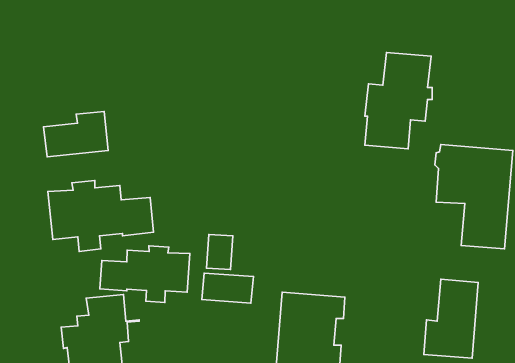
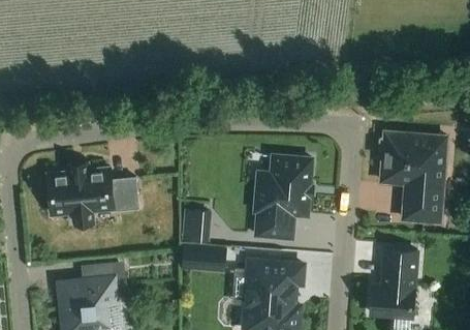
building: [365,53,432,149] -> [255,157,313,240]
building: [43,112,108,157] -> none
building: [100,246,190,303] -> none

